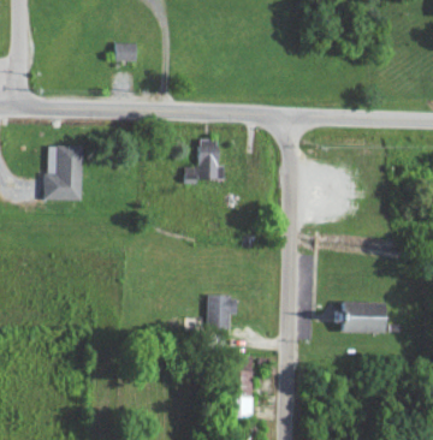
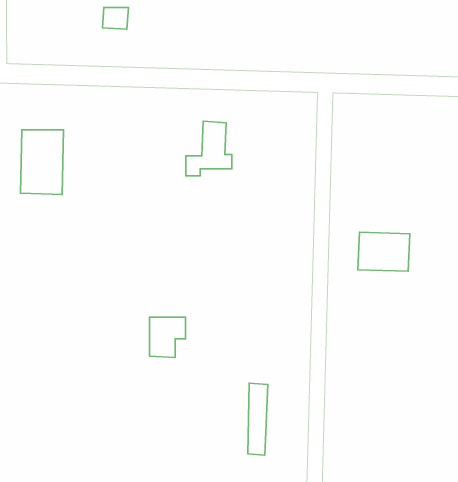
building: [208,296,238,329] -> [149,317,185,358]
building: [340,301,384,333] -> [358,232,410,271]

